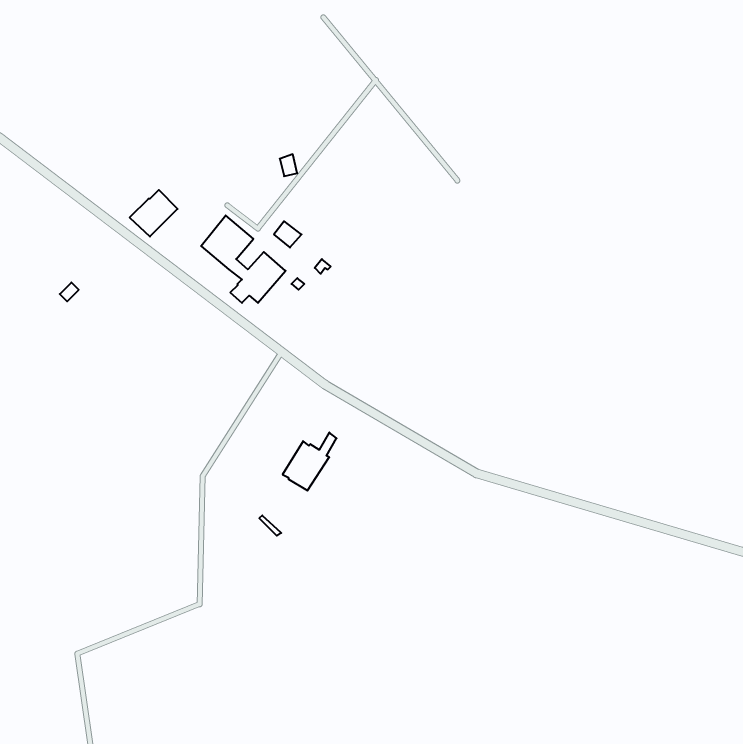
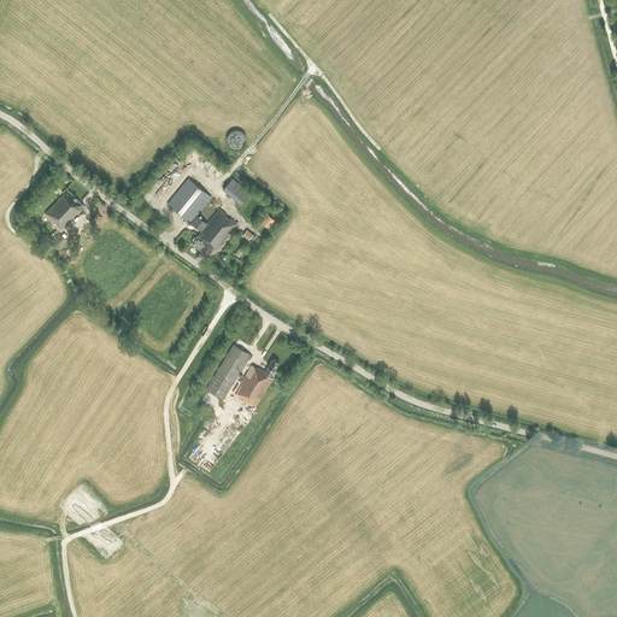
building: [130,190,178,237] -> [43,190,83,229]
building: none -> [205,345,249,400]

